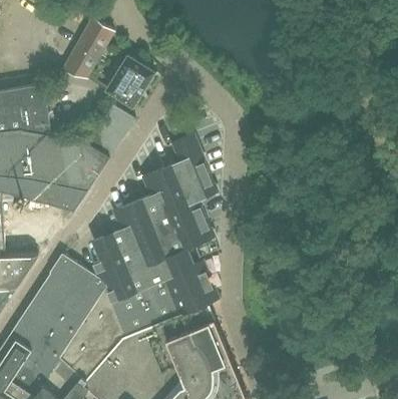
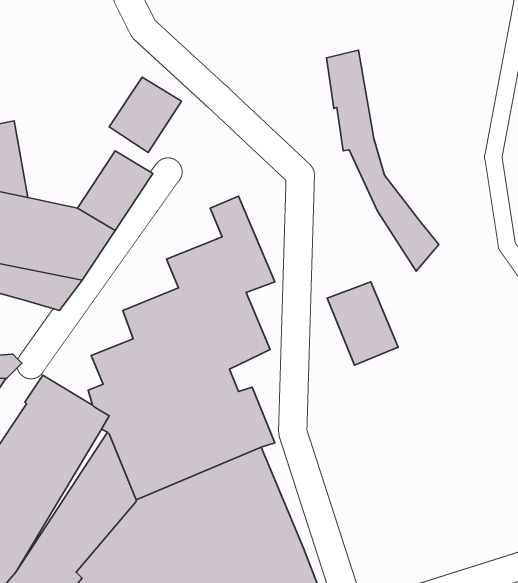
building: [61,19,112,79] -> none
building: none -> [327,50,439,271]
building: none -> [327,282,398,365]

